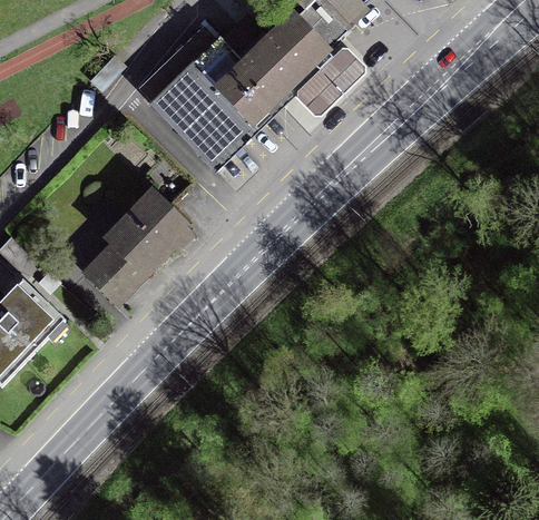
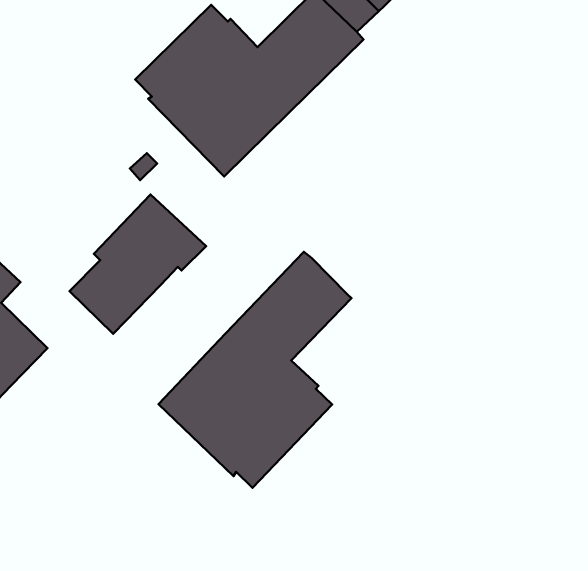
building: [295,46,365,115] -> none
building: none -> [158,252,351,488]

